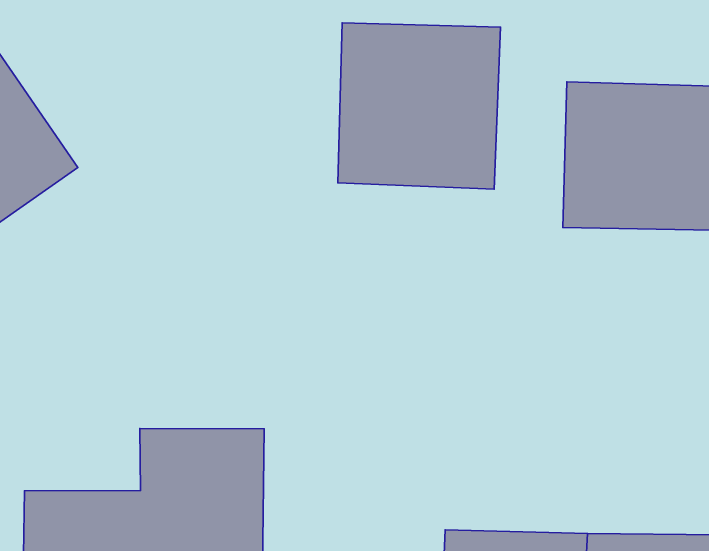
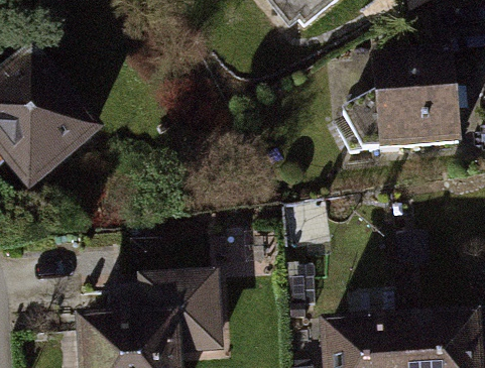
building: [338,23,500,189] -> none

